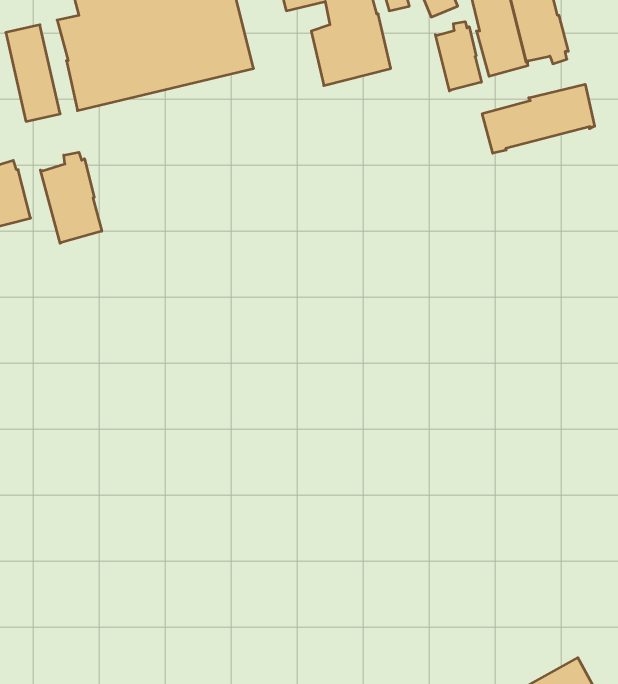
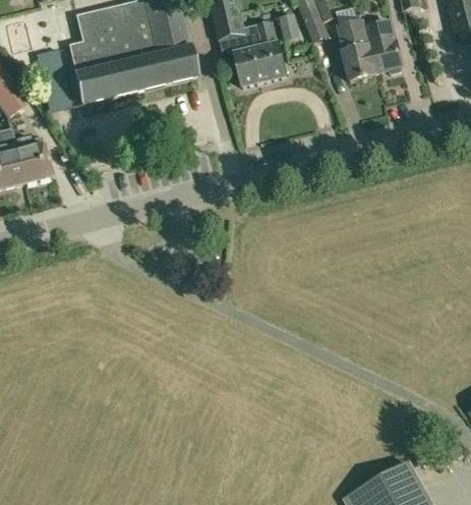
building: [435,22,481,91] -> none
building: [482,84,595,153] -> none
building: [40,152,102,243] -> none

